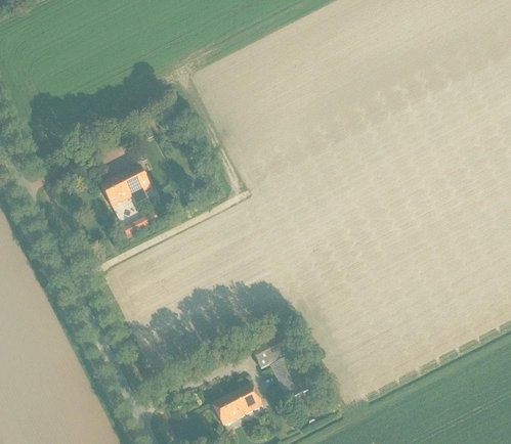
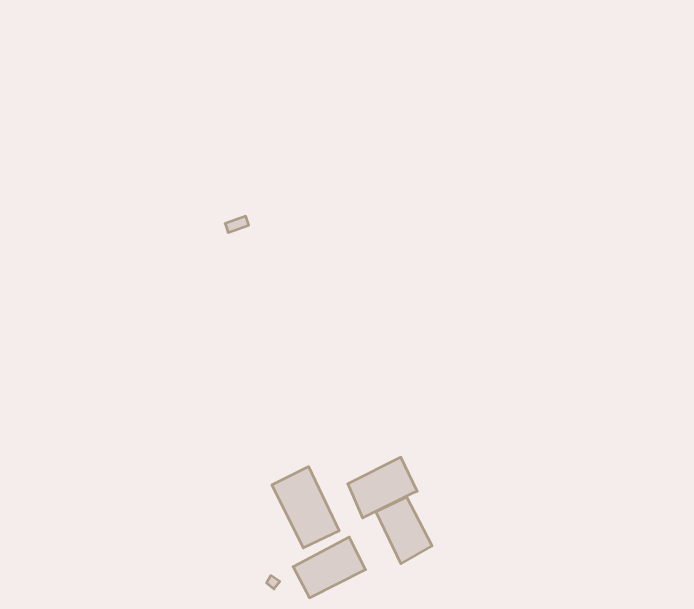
building: [102,168,152,209] -> none
building: none -> [272,467,339,548]

